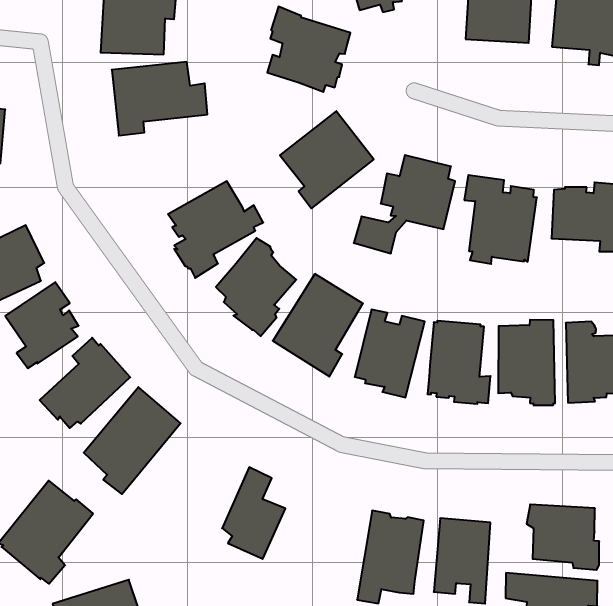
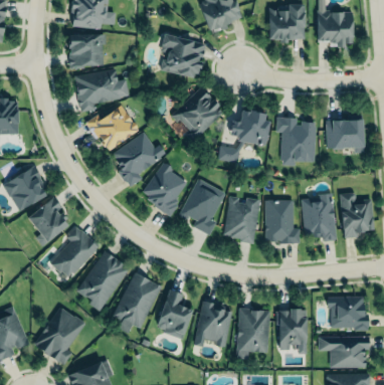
building: none -> [85,106,139,153]
building: none -> [114,273,162,334]
building: none -> [195,302,232,348]

